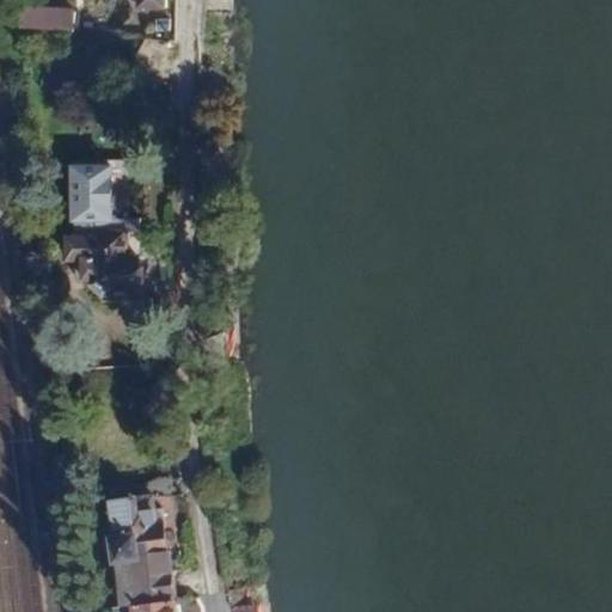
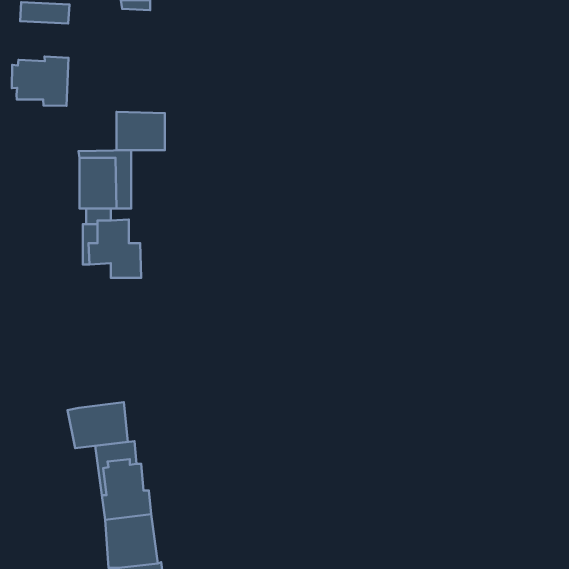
building: none -> [12,56,69,106]
building: none -> [116,112,165,150]
building: none -> [68,402,128,448]

